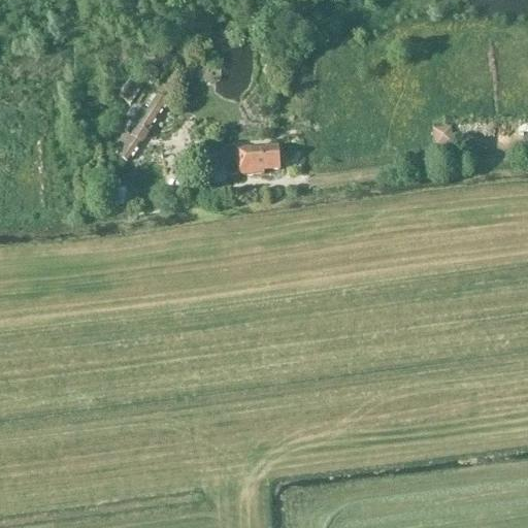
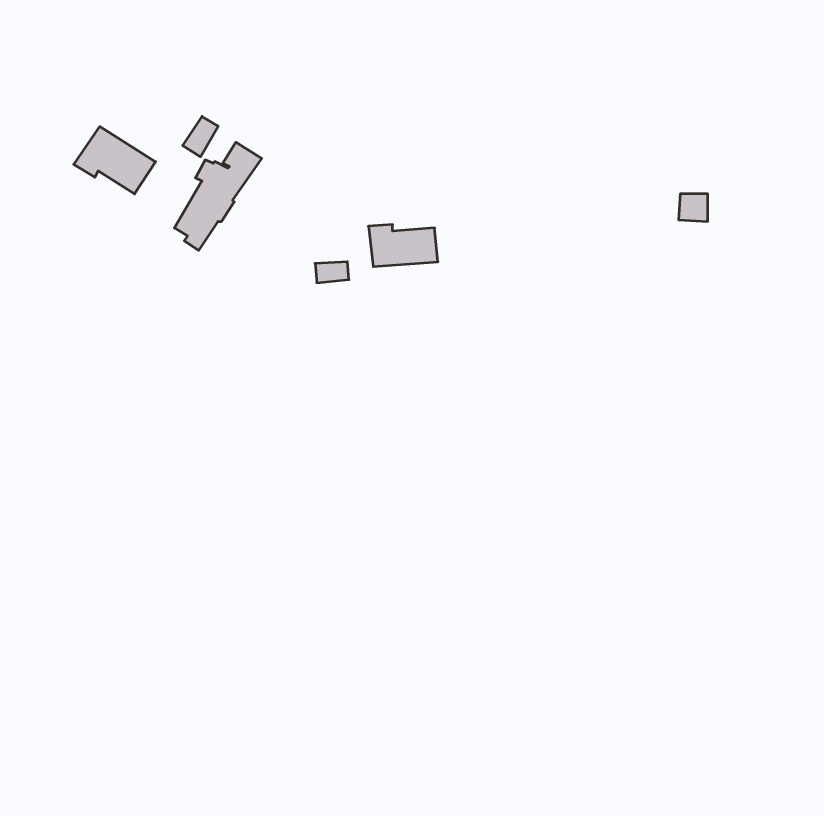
building: none -> [74,127,156,194]

